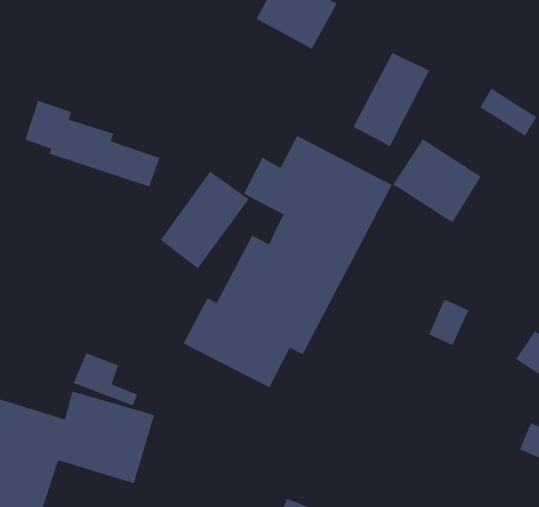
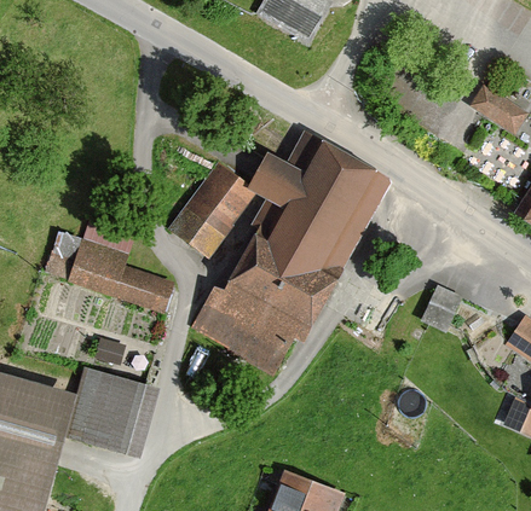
building: [353,52,430,147] -> none
building: [25,100,160,187] -> [47,233,175,315]
building: [393,138,482,223] -> none

